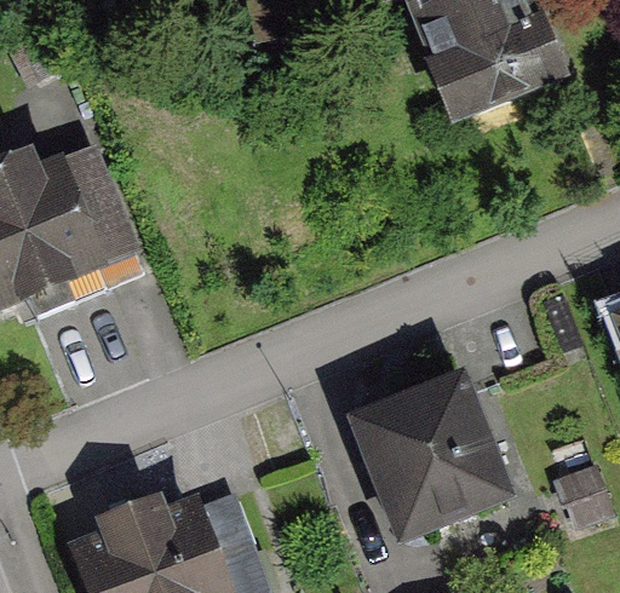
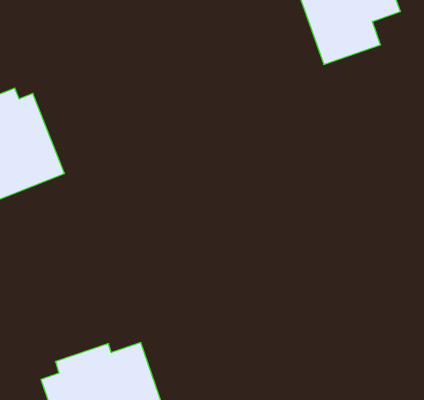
building: [355,375,510,537] -> none

